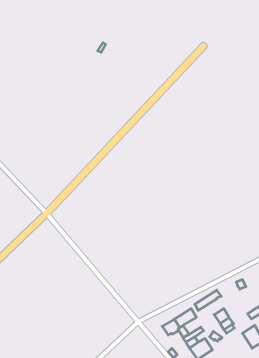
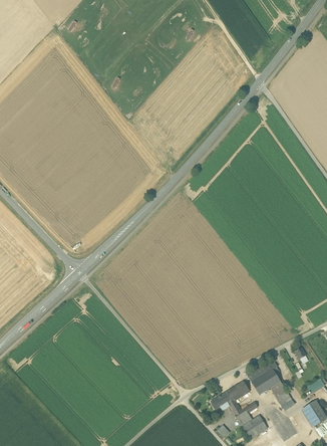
building: none -> [252,370,281,395]

